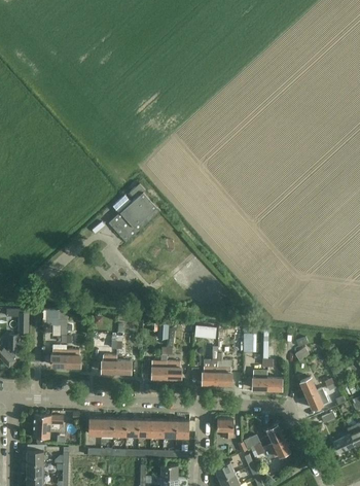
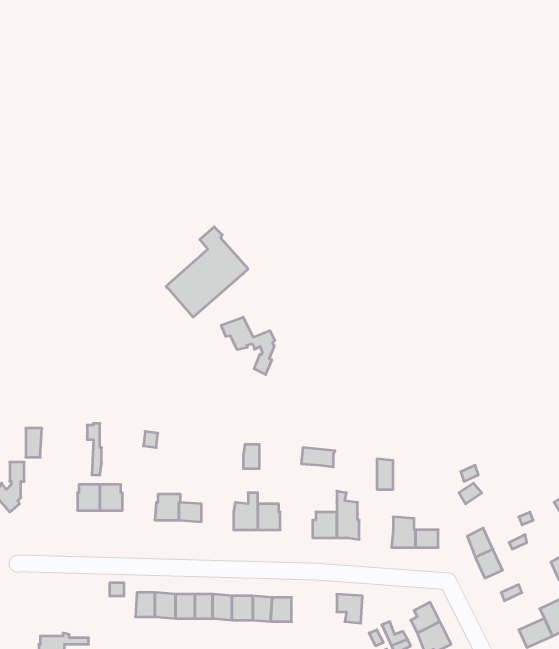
building: none -> [221,317,275,375]
building: [33,416,63,444] -> none

